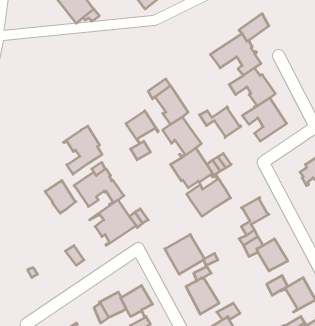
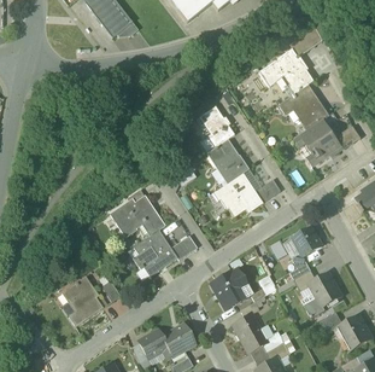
building: [199,107,241,138] -> none
building: [126,111,158,144] -> none
building: [63,126,102,174] -> none
building: [187,174,231,216] -> none
building: [45,180,76,213] -> none
building: none -> [61,275,102,326]

